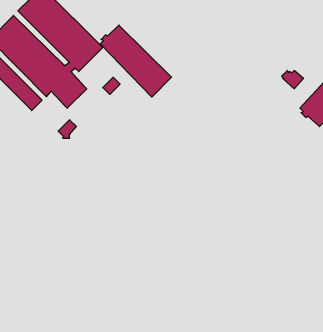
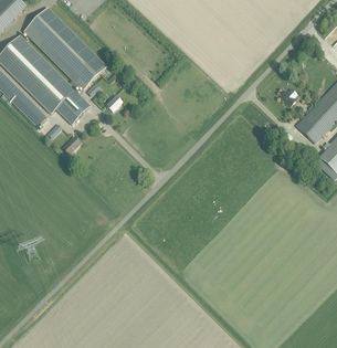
building: [100,25,172,97] -> none

